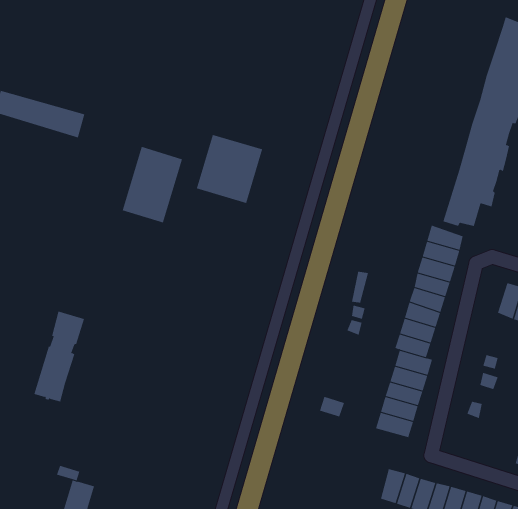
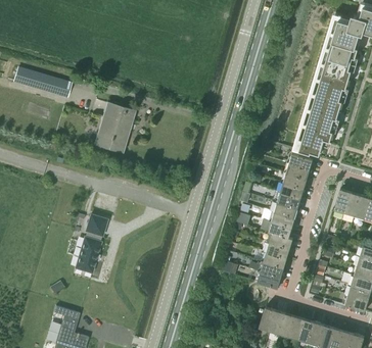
building: [196,134,263,204] -> none
building: [34,311,85,402] -> [75,214,107,272]

